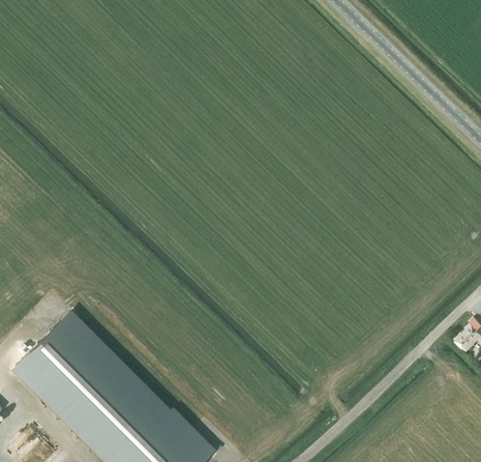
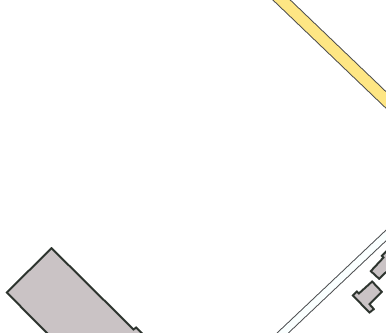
building: none -> [353,281,382,312]

